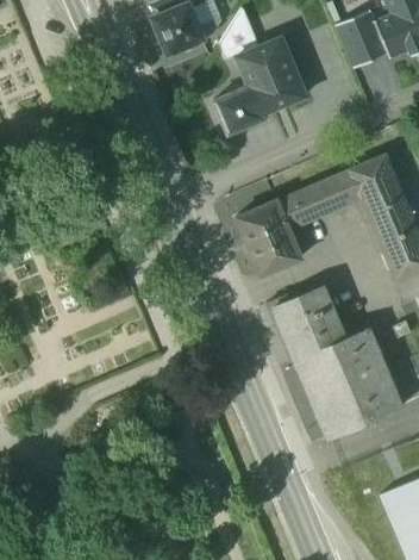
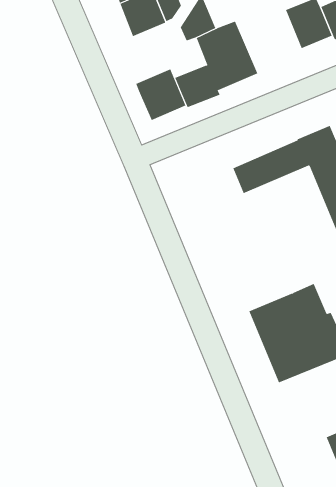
building: none -> [135,68,186,121]
building: [234,199,301,275] -> none
building: [265,286,343,359] -> none

